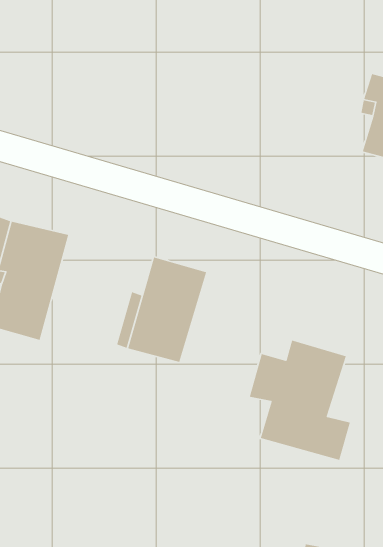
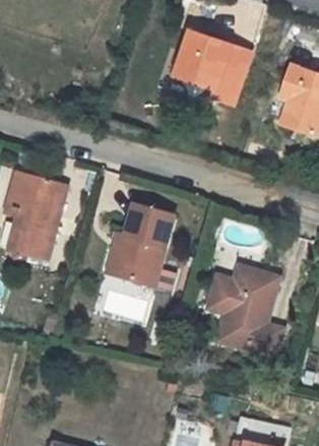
building: none -> [176,26,263,106]

